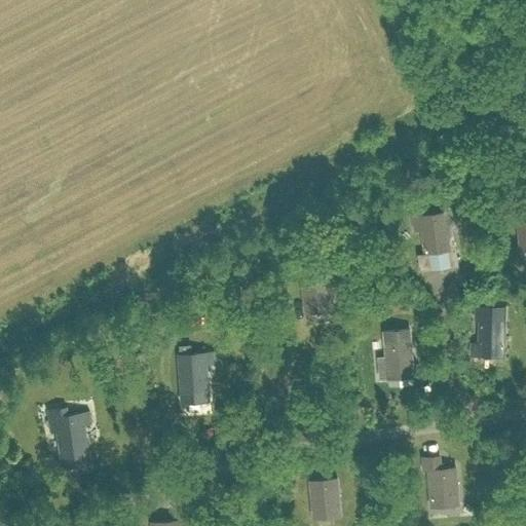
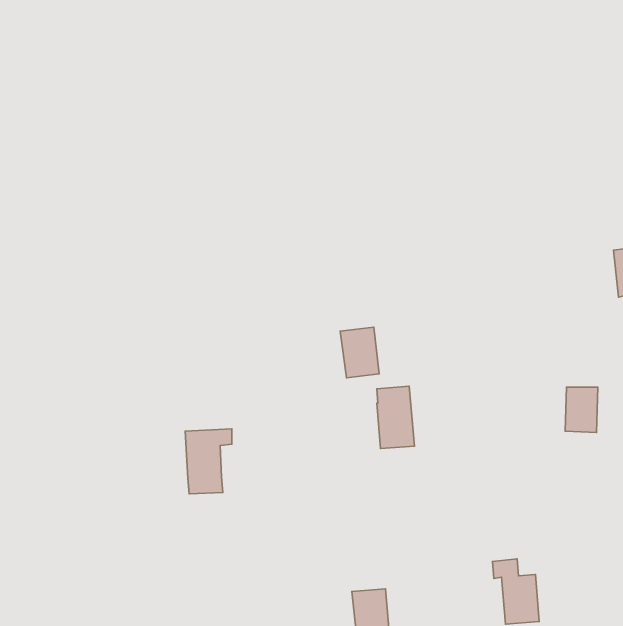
building: [419,214,451,254] -> none
building: [382,330,412,379] -> [377,386,414,449]
building: [53,415,84,455] -> none

